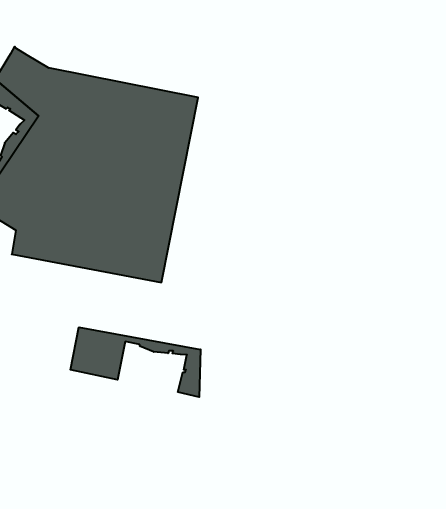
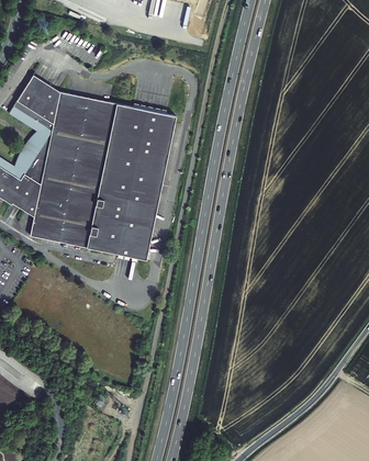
building: [70,327,201,397] -> none

